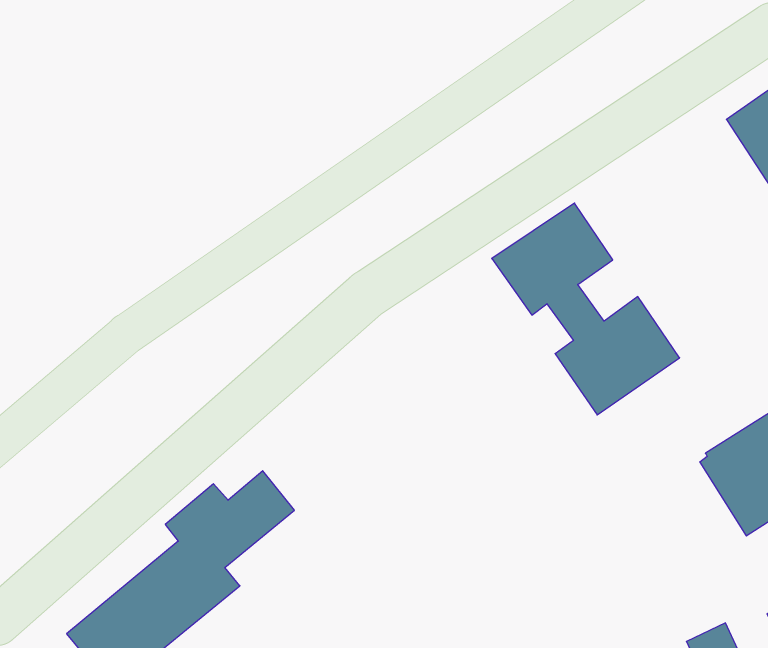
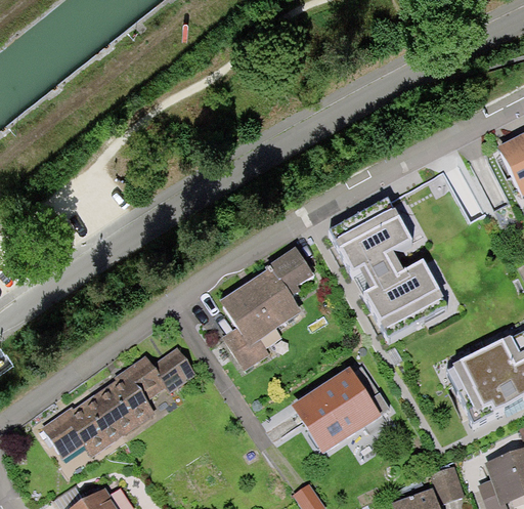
building: none -> [215,246,316,372]
building: none -> [289,359,369,443]

